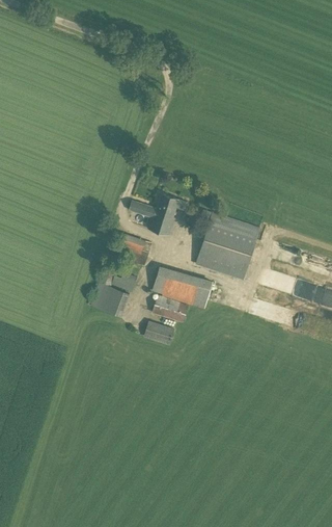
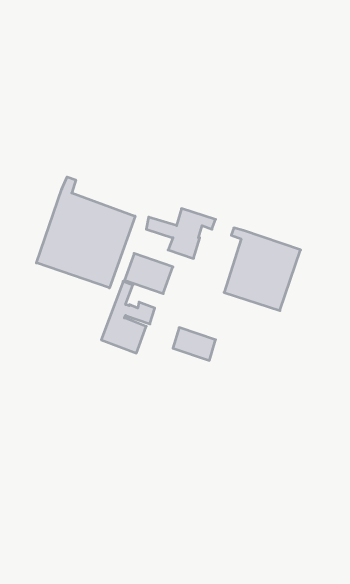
building: none -> [36,177,135,288]
building: [151,266,210,306] -> none
building: [143,321,174,346] -> none

